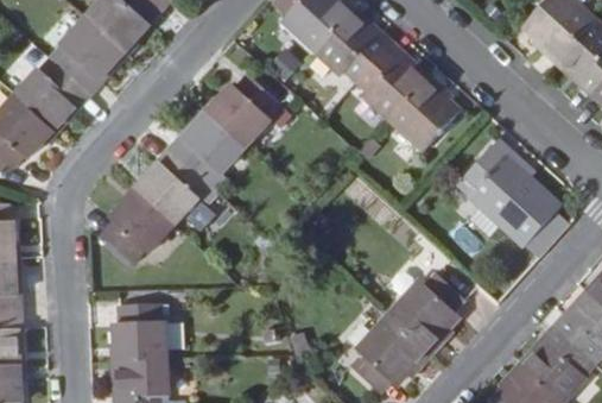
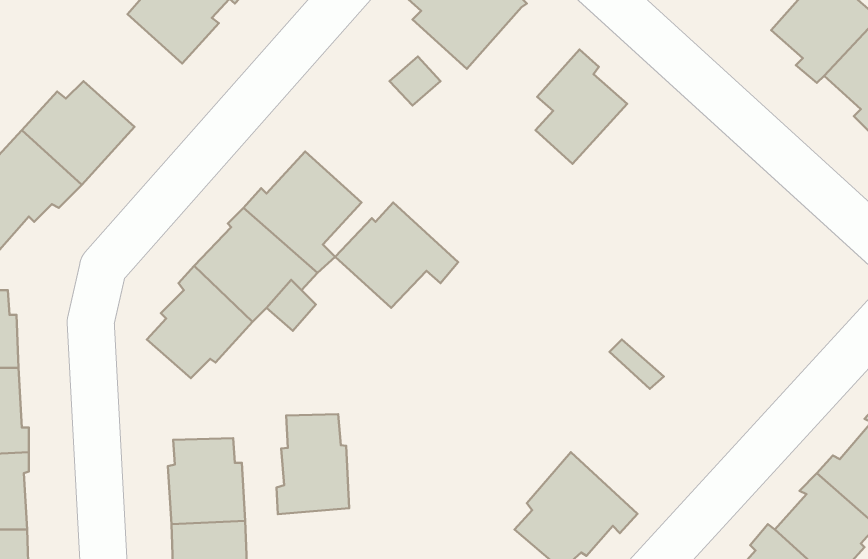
building: [317,12,393,82] -> none
building: [58,17,125,93] -> none
building: [208,73,291,144] -> [335,202,458,308]
building: [388,73,461,150] -> none
building: [457,137,565,254] -> none
building: [387,270,465,354] -> none
building: none -> [277,414,349,514]

